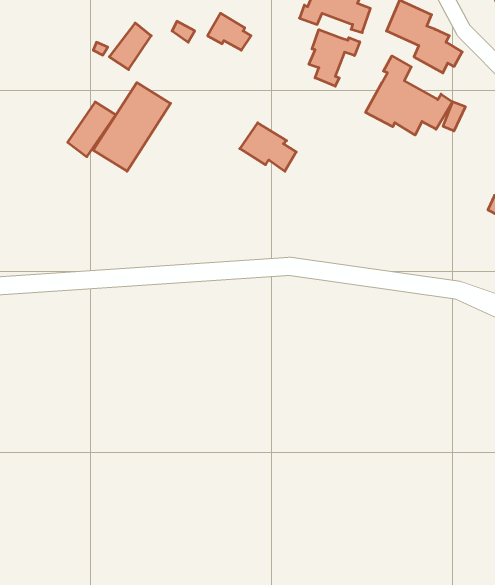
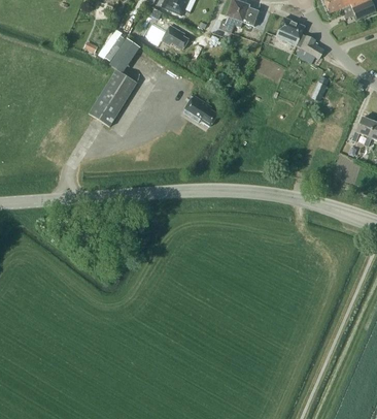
building: [309,30,360,86] -> none
building: [366,56,453,135] -> none
building: [68,102,116,157] -> [110,38,141,73]

